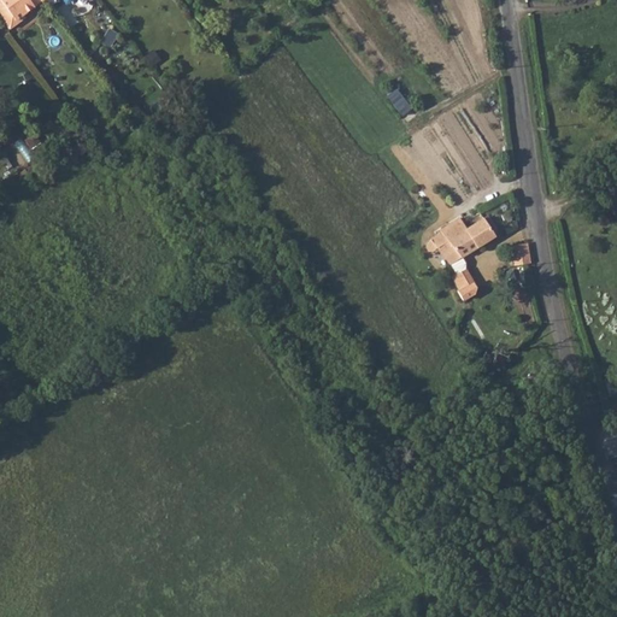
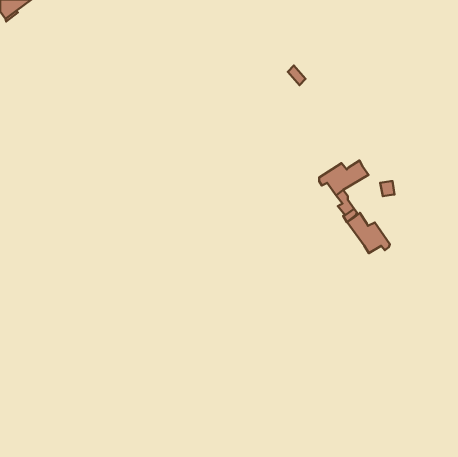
building: none -> [347,213,390,253]

